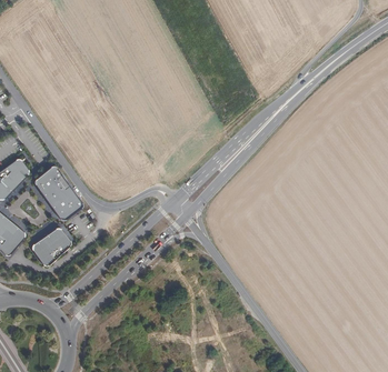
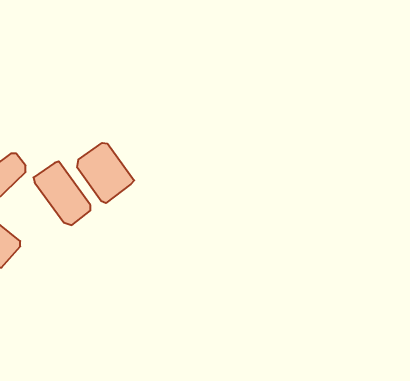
building: none -> [77,143,134,203]
building: [33,229,71,265] -> none

